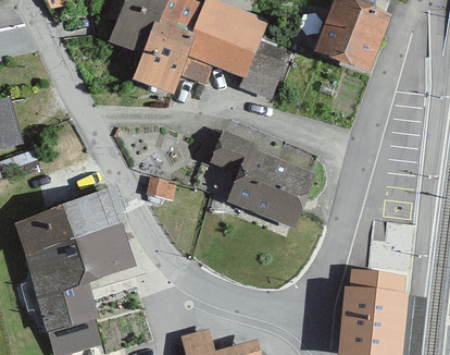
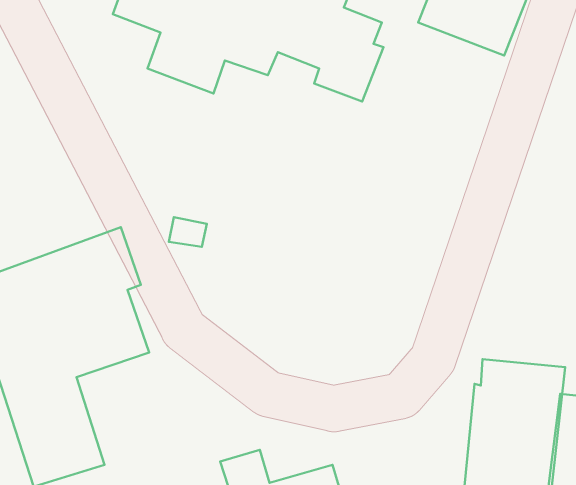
building: [207,131,312,228] -> none

